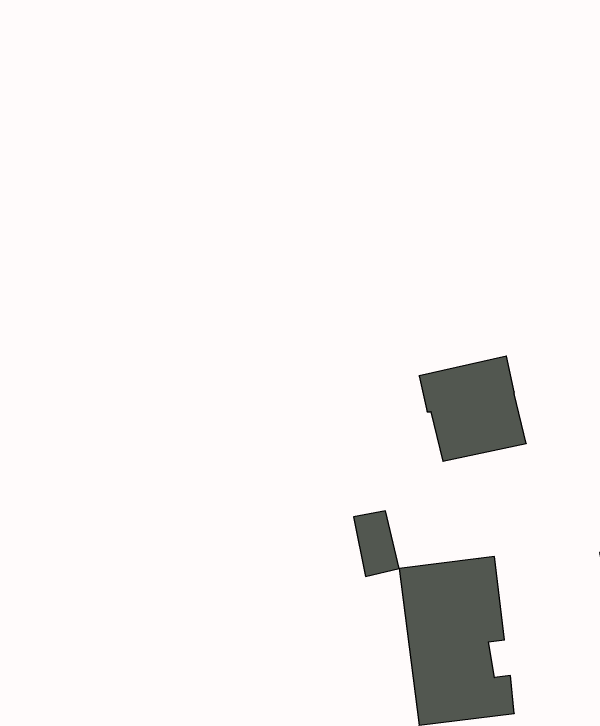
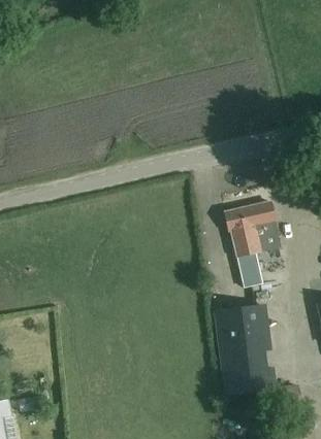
building: [354,511,399,576] -> [237,254,261,288]

